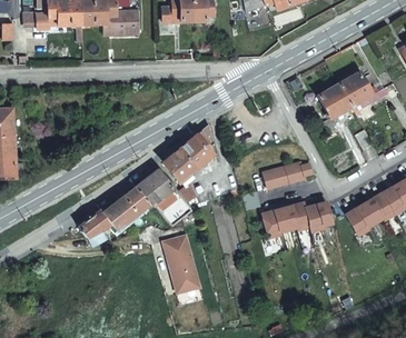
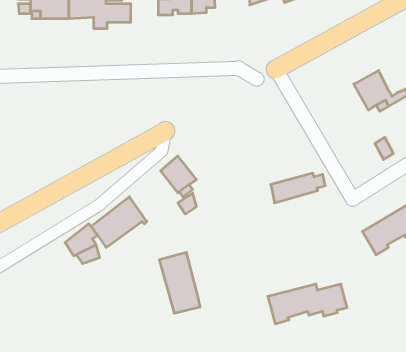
building: [317,83,350,118] -> none
building: [179,122,216,169] -> none
building: [136,169,190,226] -> none
building: [260,203,331,239] -> [268,284,347,324]

